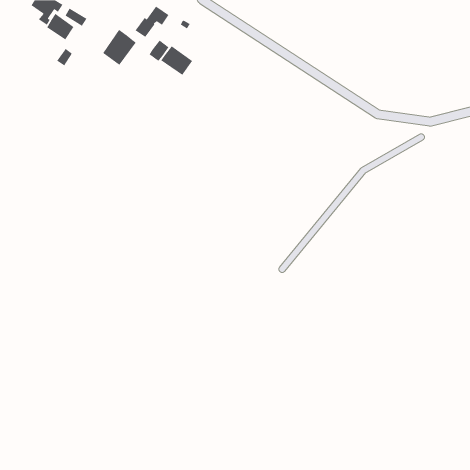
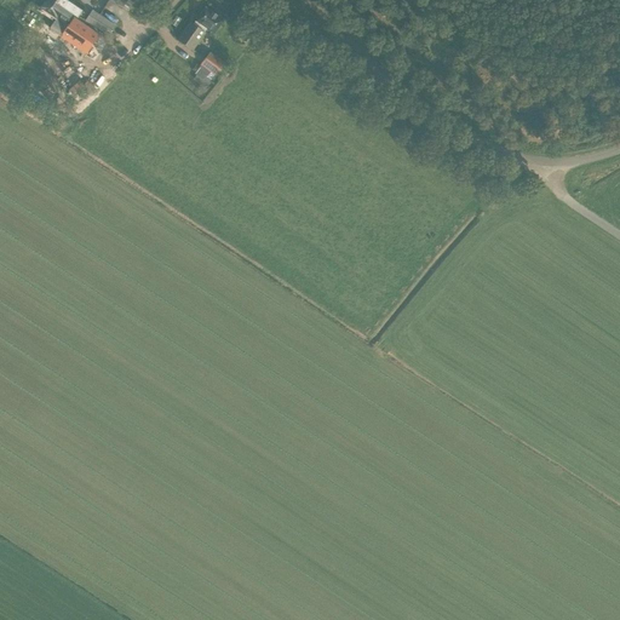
building: [102,29,136,66] -> none
building: [160,46,193,76] -> none

